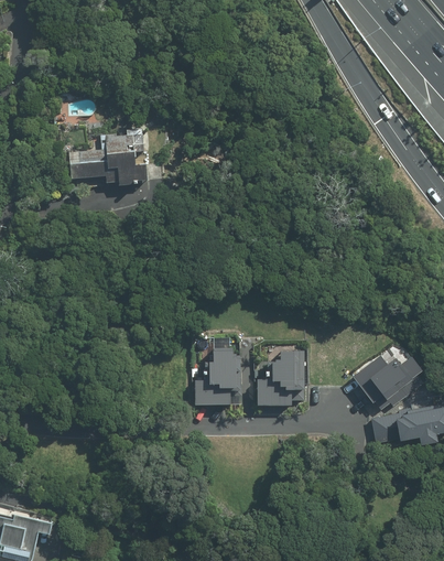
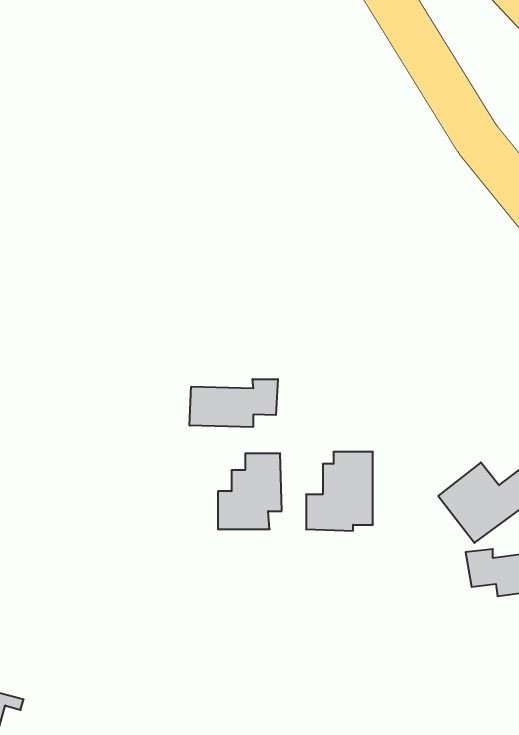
building: [67,128,147,185] -> none
building: none -> [190,379,278,427]

